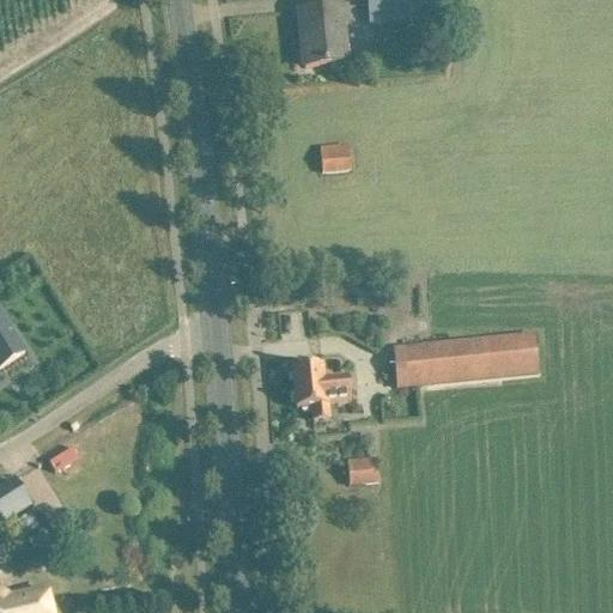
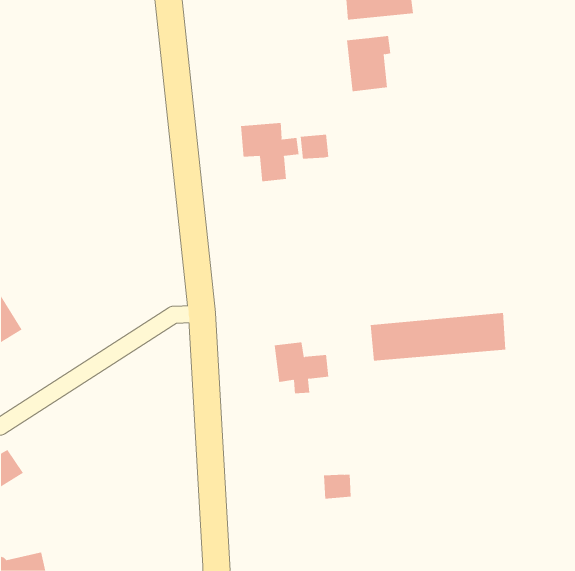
building: [299,5,347,65] -> [346,36,391,92]
building: none -> [241,122,299,182]
building: [348,456,378,482] -> [323,474,351,499]

